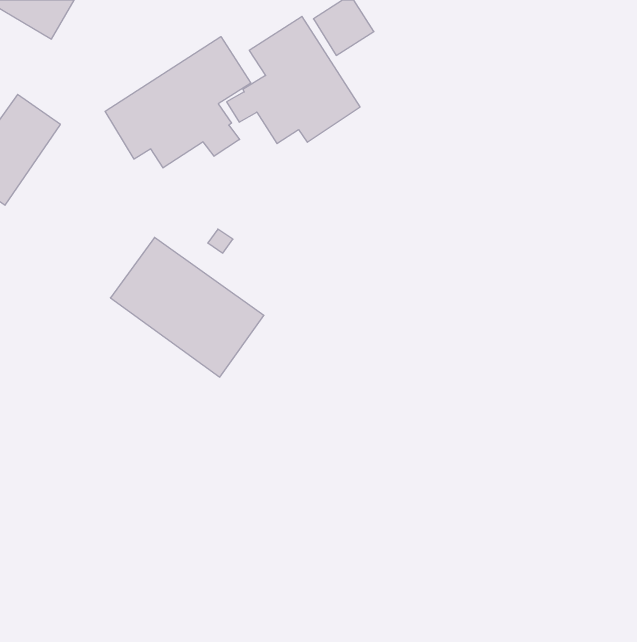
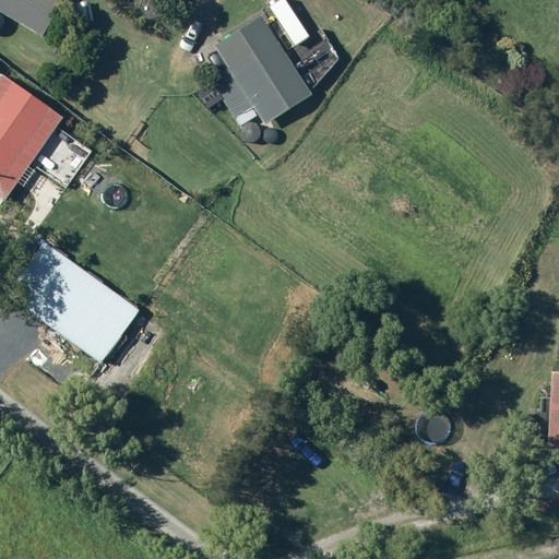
building: [105,37,251,168] -> none
building: [110,237,264,377] -> [8,242,141,364]

